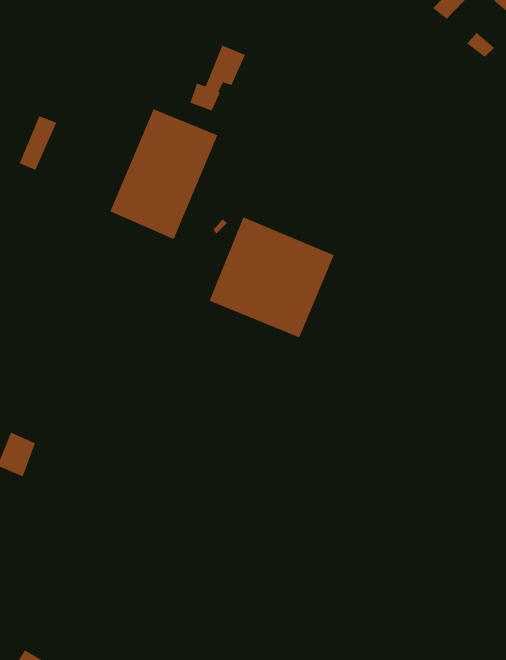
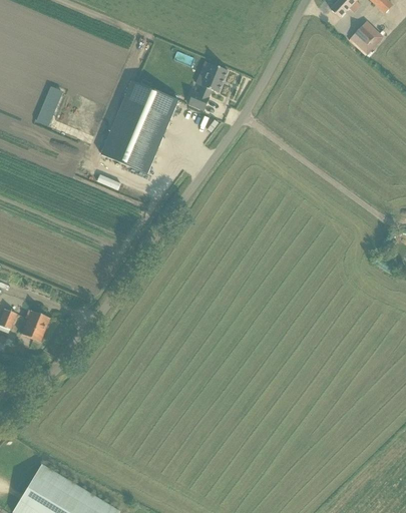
building: [189,45,246,111] -> [187,64,228,111]
building: [209,217,335,338] -> none

